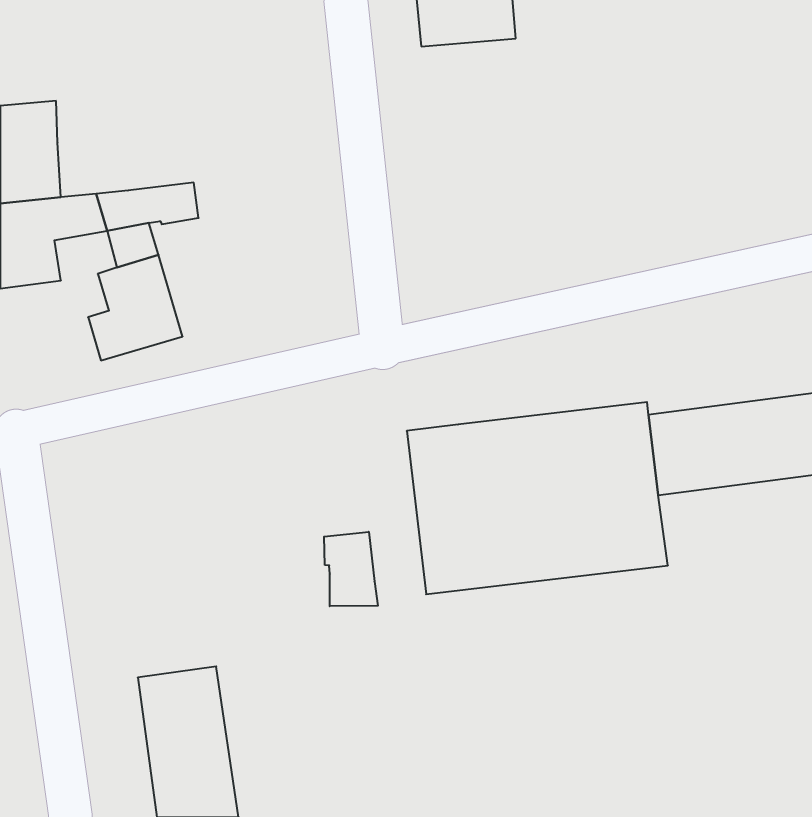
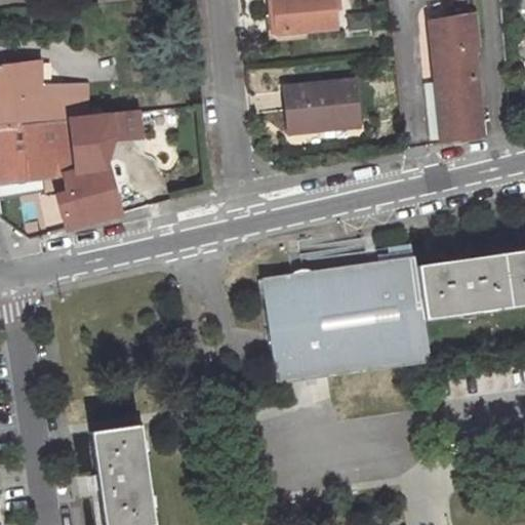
building: none -> [431,22,484,146]
building: none -> [279,79,352,128]
building: none -> [41,87,86,126]
building: none -> [39,148,79,203]
building: [324,532,378,606] -> none

